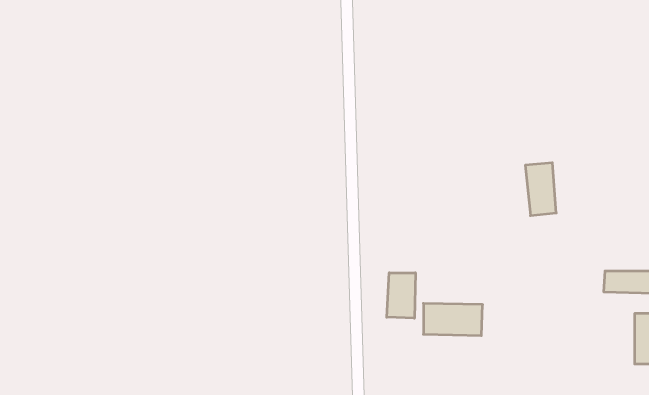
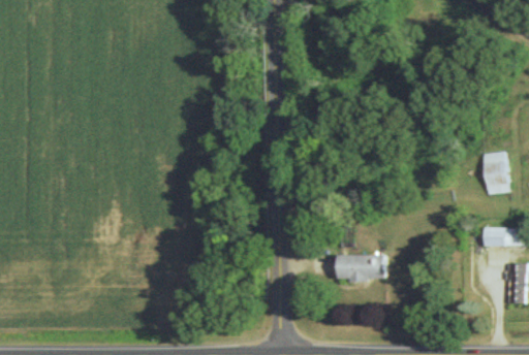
building: [525,163,556,216] -> [484,152,508,194]
building: [387,273,415,318] -> none

